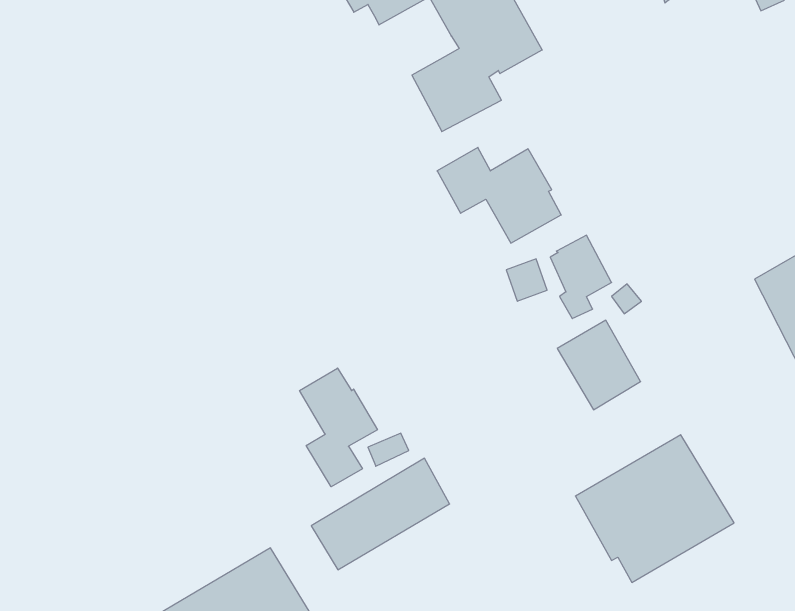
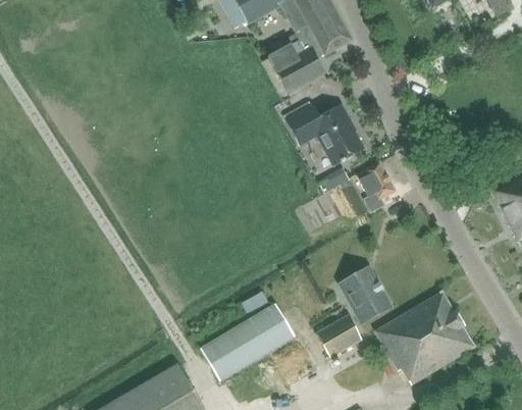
building: [557,320,641,410] -> [337,266,392,324]
building: [300,368,377,487] -> none
building: none -> [316,314,363,358]

